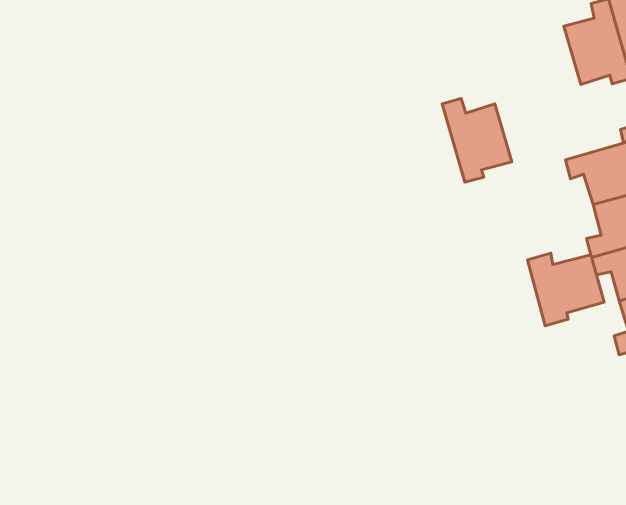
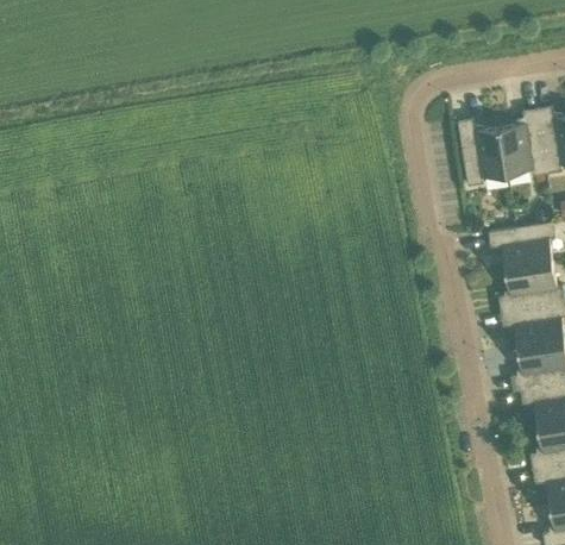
building: [442,99,512,182] -> [457,120,507,187]
building: [528,253,604,326] -> none

